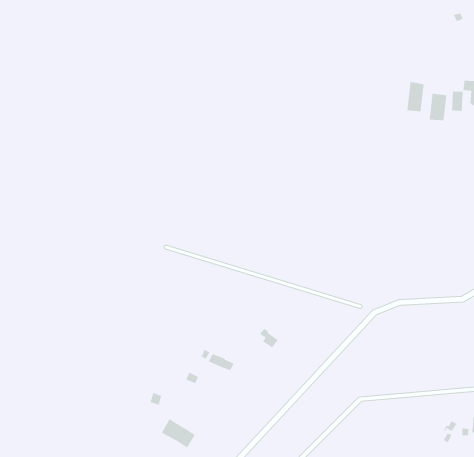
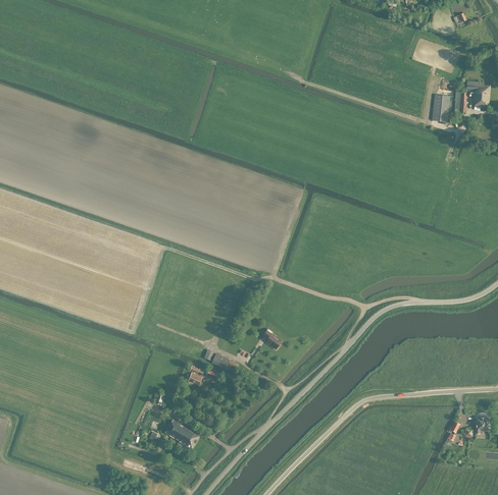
building: [407,81,424,112] -> none

